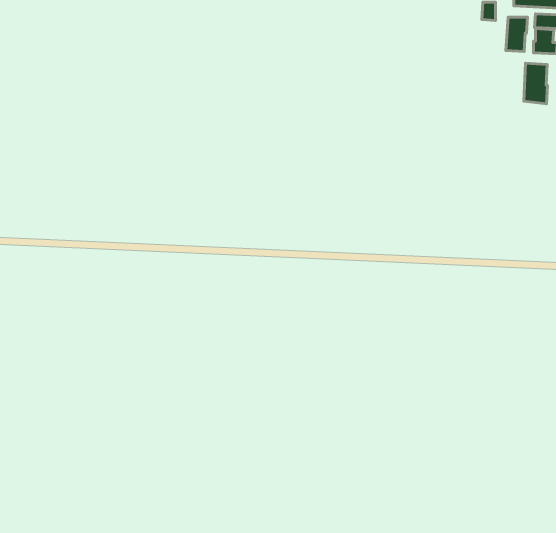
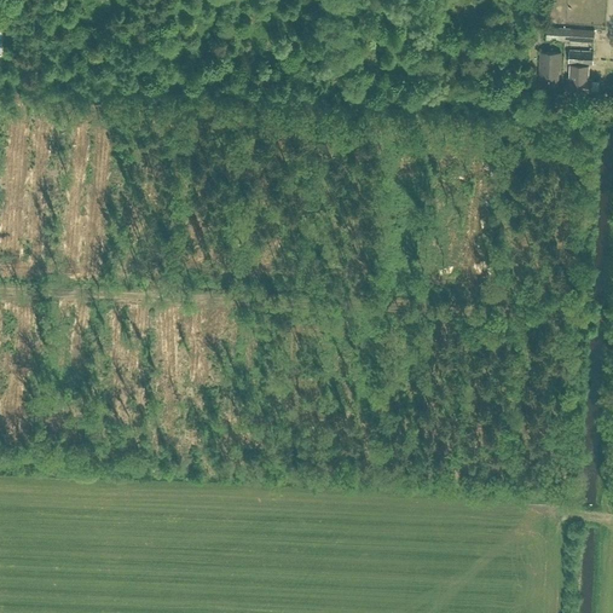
building: [524,63,547,104] -> none

